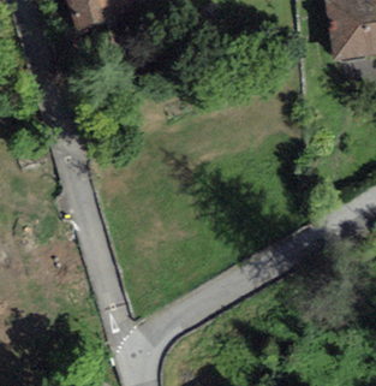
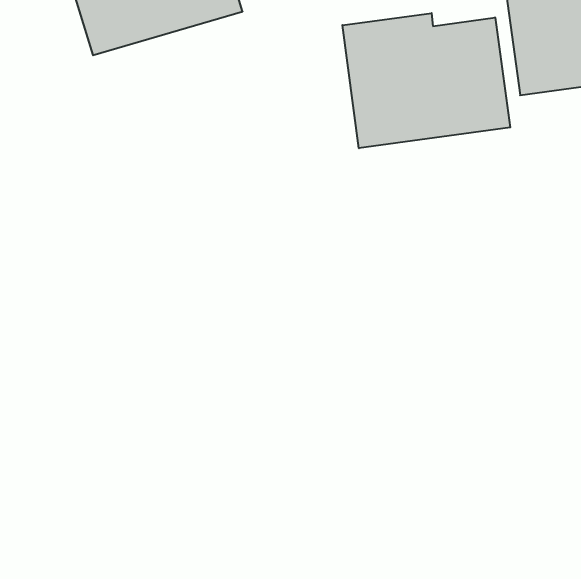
building: none -> [342,13,510,148]

